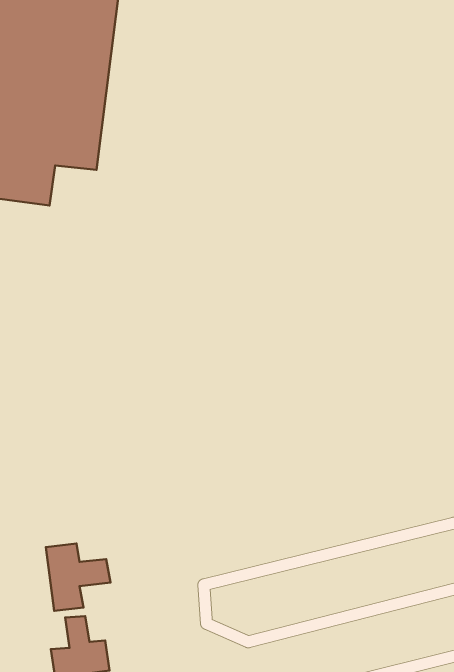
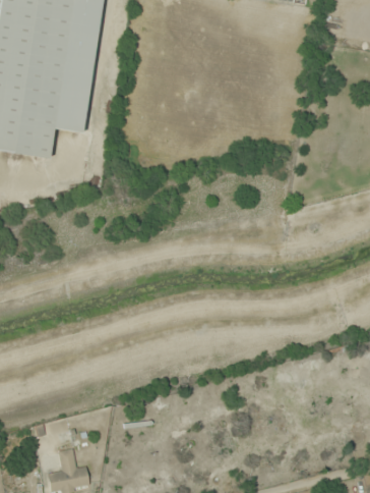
building: [46,544,110,611] -> none

